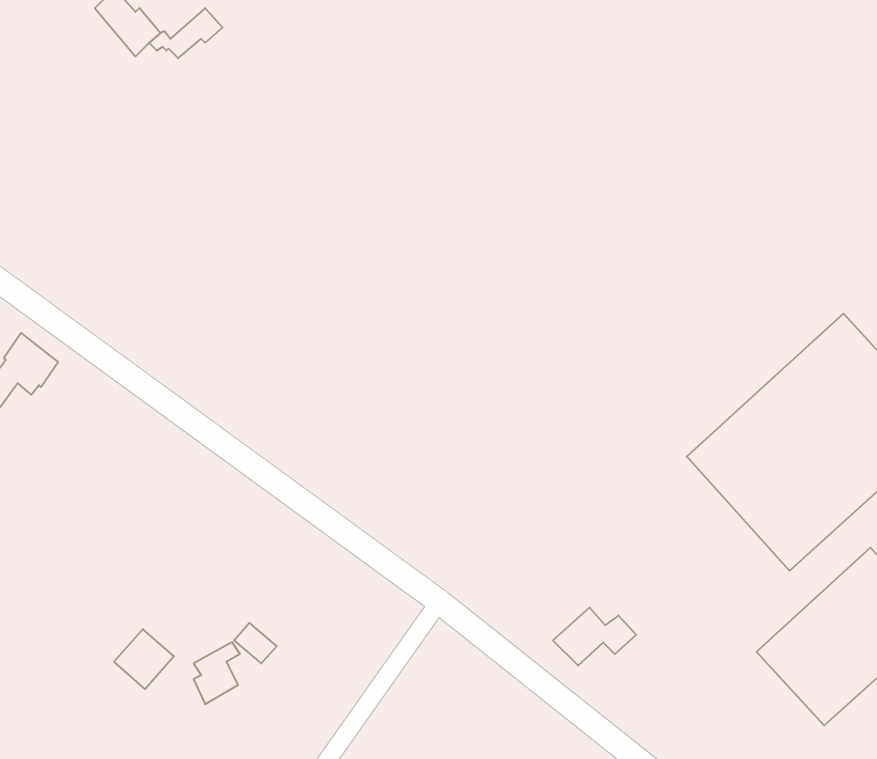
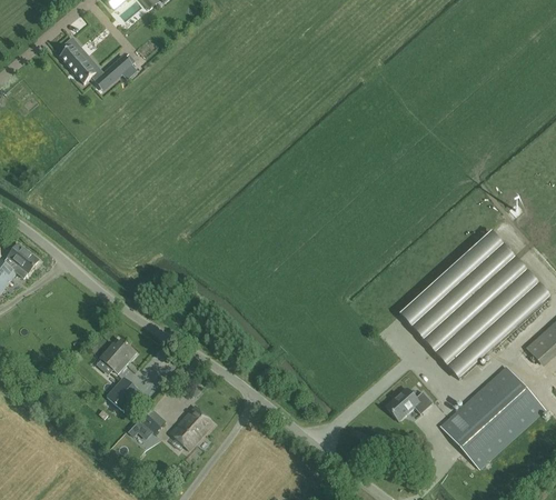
building: none -> [100,339,137,370]
building: [553,608,636,666] -> [385,387,433,420]
building: none -> [170,406,215,449]
building: [114,629,174,689] -> [107,377,141,411]

